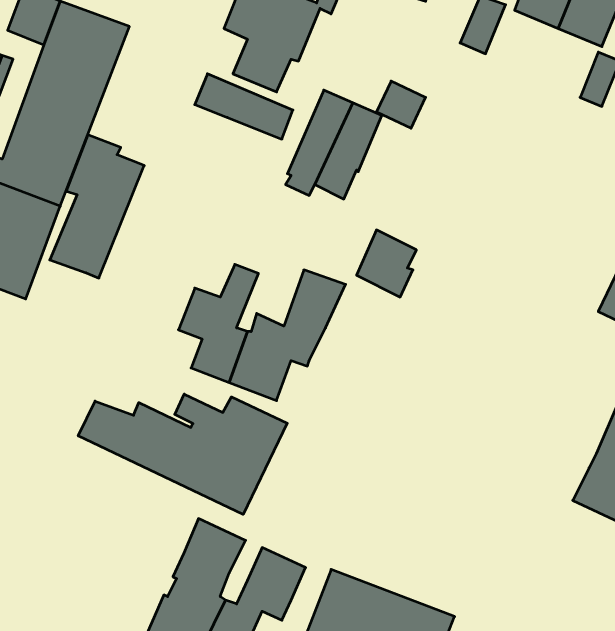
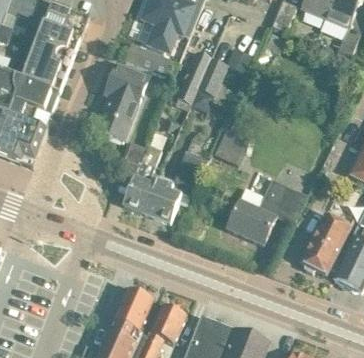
building: [50,135,144,278] -> [96,62,148,141]
building: none -> [226,179,306,245]
building: none -> [301,213,352,275]
building: [78,394,287,514] -> none

